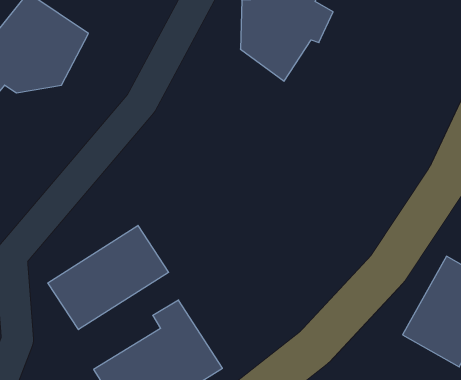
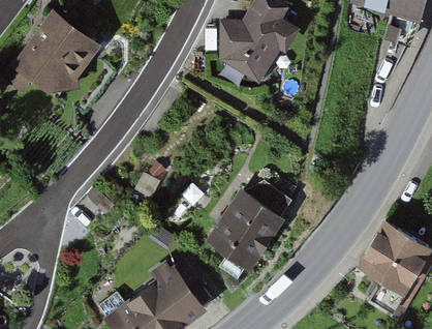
building: none -> [207,187,284,270]
building: [48,225,169,330] -> none

